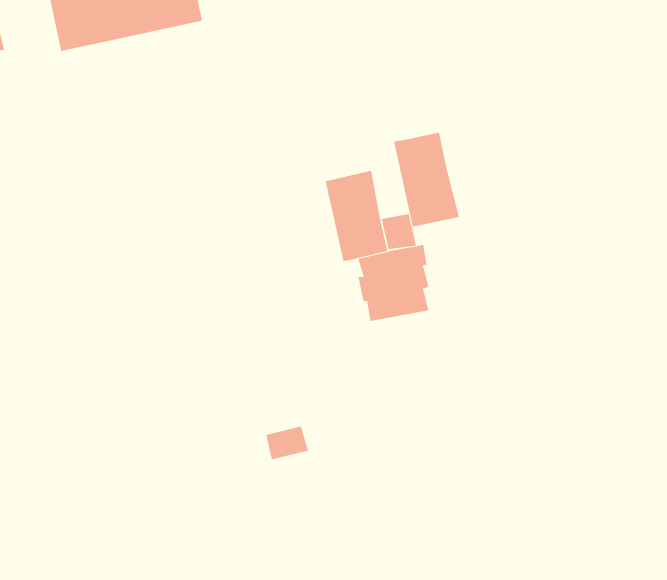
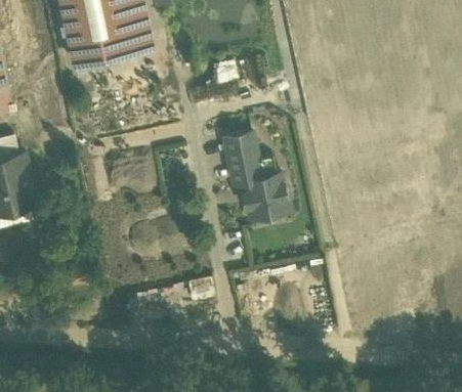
building: [393,132,460,227] -> none

